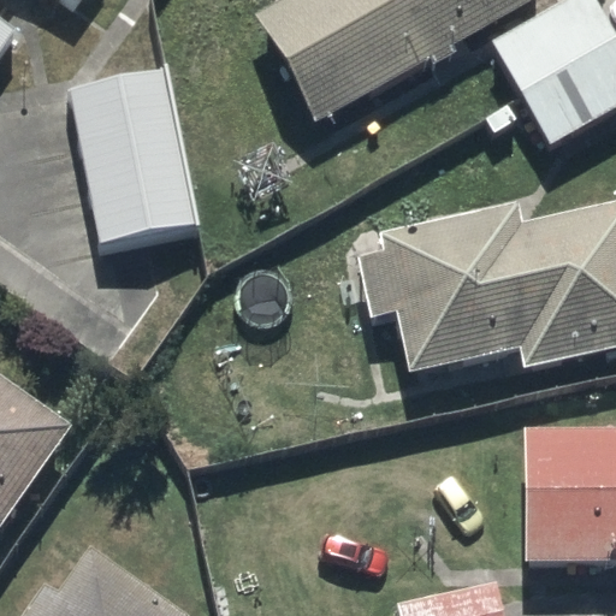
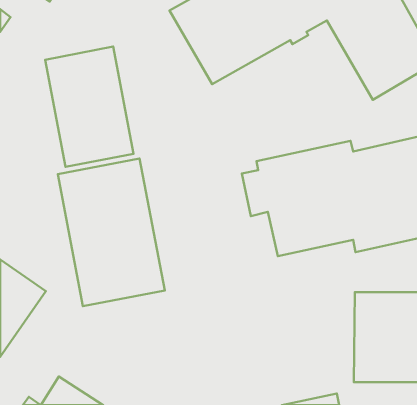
building: none -> [58,159,165,306]

